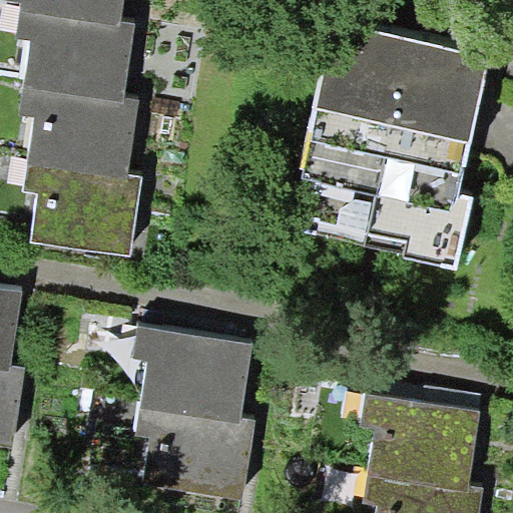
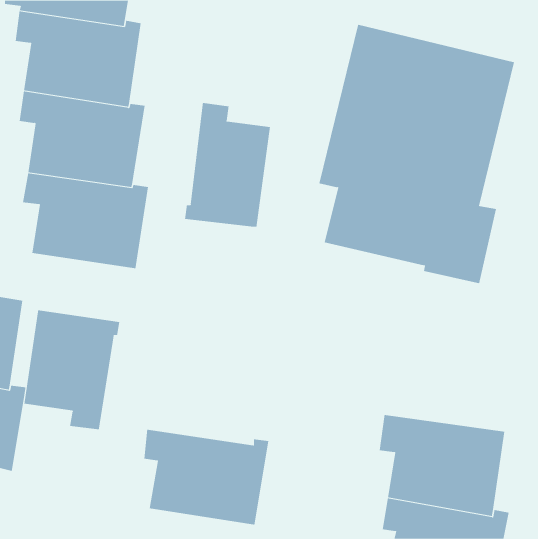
building: none -> [184,102,270,228]
building: none -> [24,310,120,430]
building: [132,327,251,423] -> none

